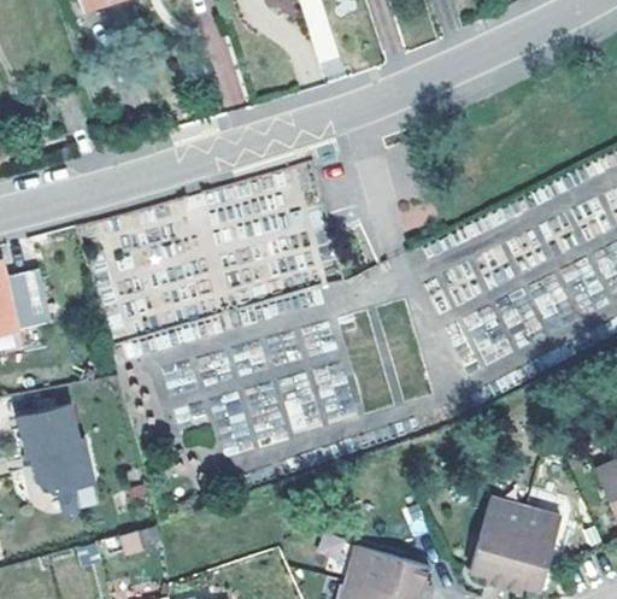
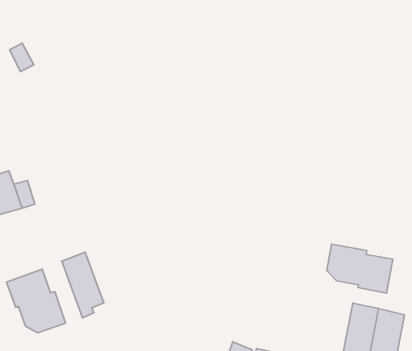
building: none -> [62,252,104,318]
building: none -> [327,244,393,293]

